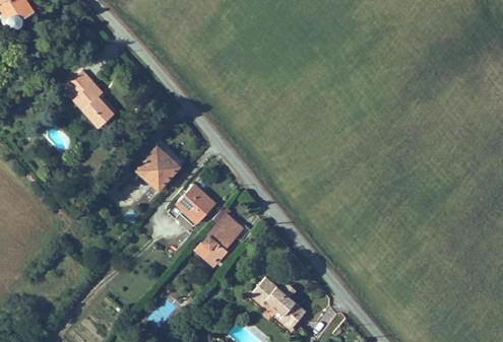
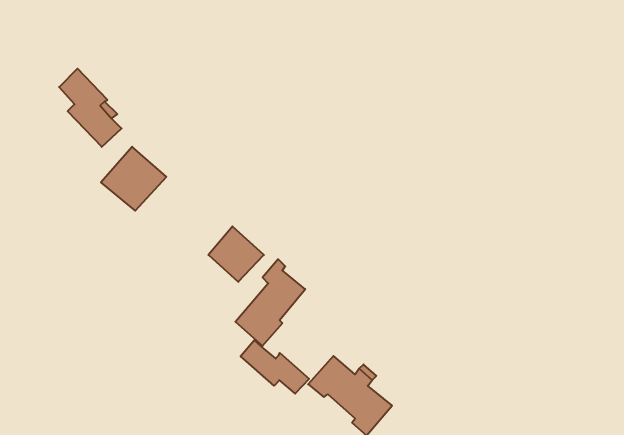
building: [133,146,180,192] -> [101,147,166,211]
building: none -> [241,340,309,394]

